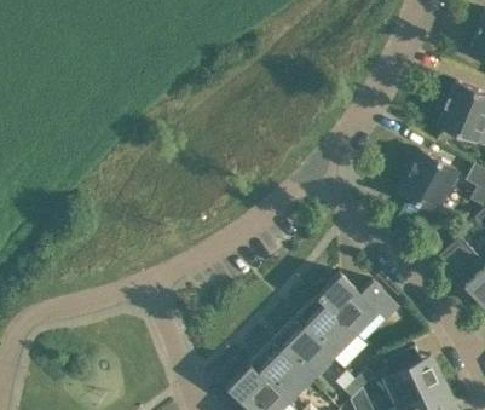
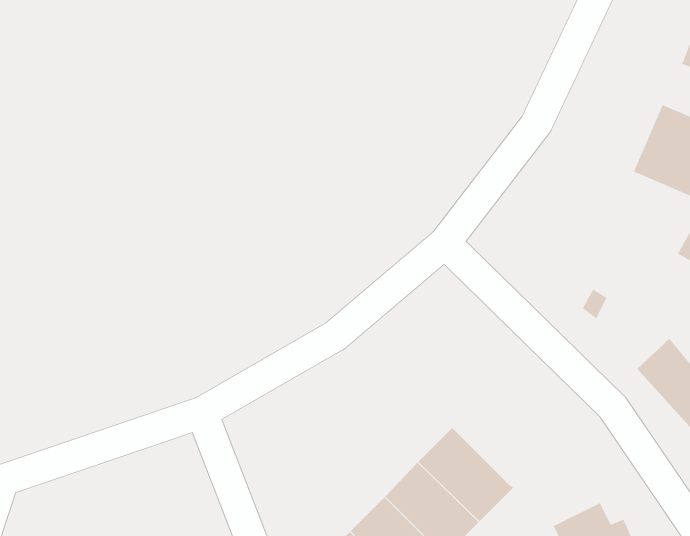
building: [398,152,457,214] -> none
building: [317,275,399,335] -> none

